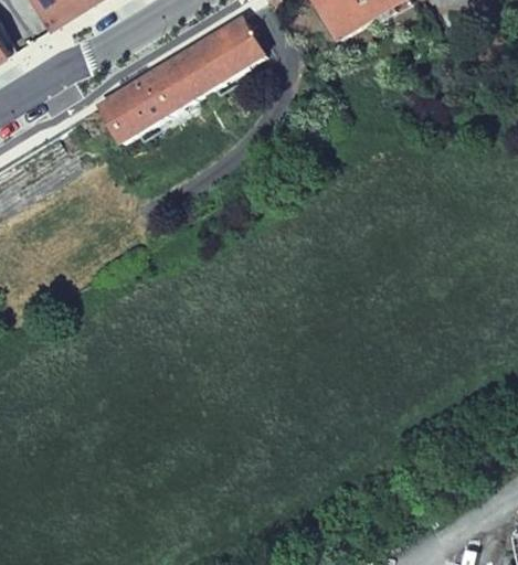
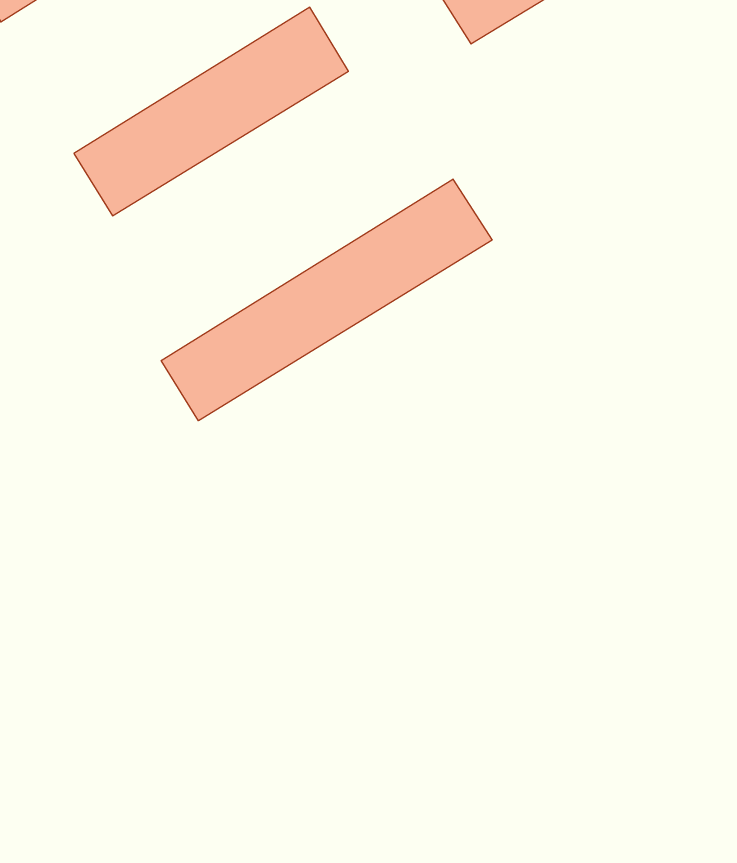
building: none -> [161,179,492,421]

